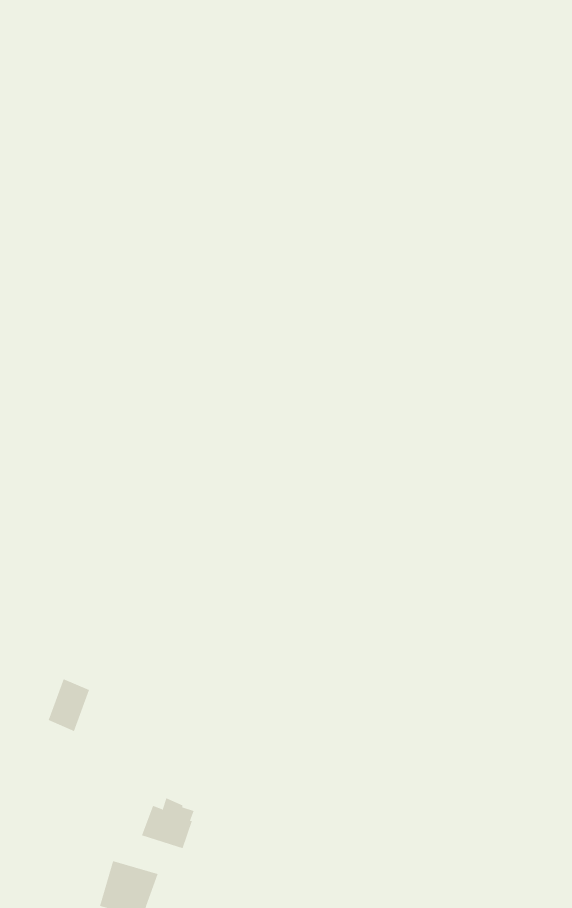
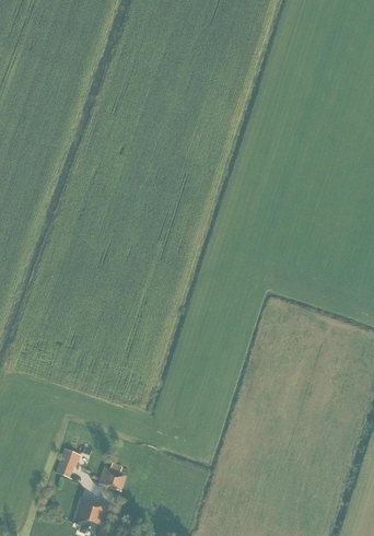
building: [48,678,90,732] -> [56,446,80,477]

